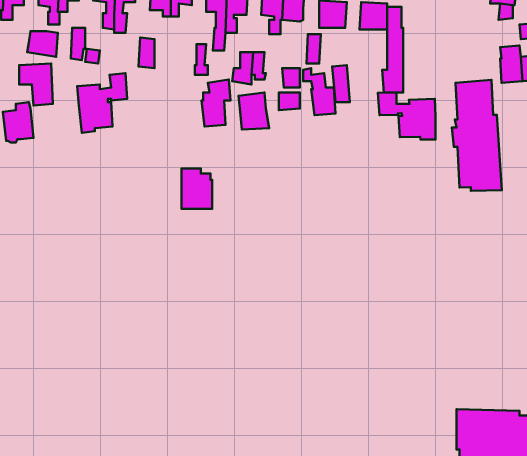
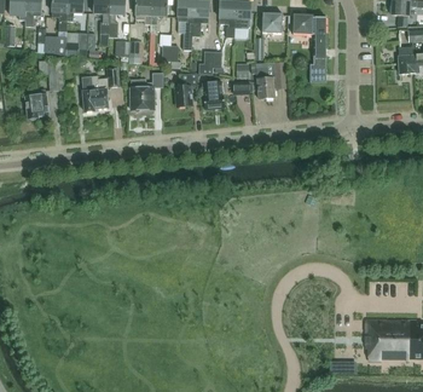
building: [452,80,502,191] -> none
building: [378,92,435,140] -> none
building: [181,168,212,209] -> [131,79,153,109]

